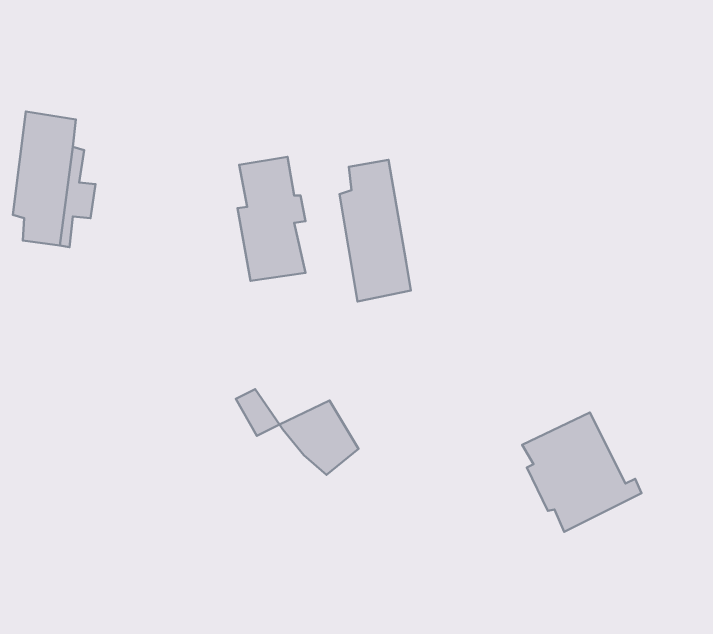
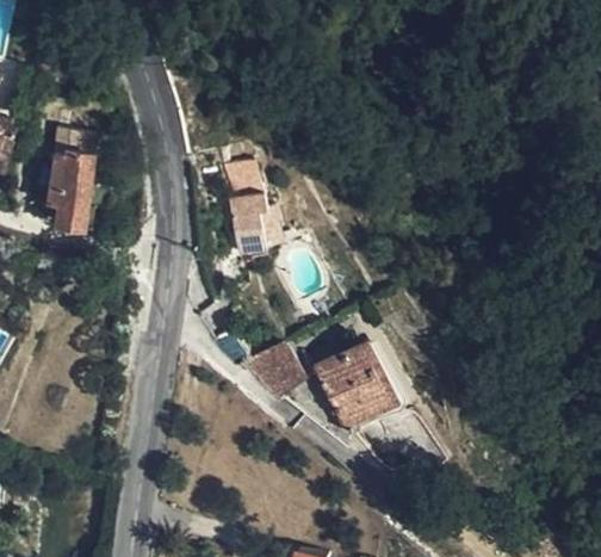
building: [340,160,411,301] -> none
building: [522,413,642,532] -> [314,344,402,432]

